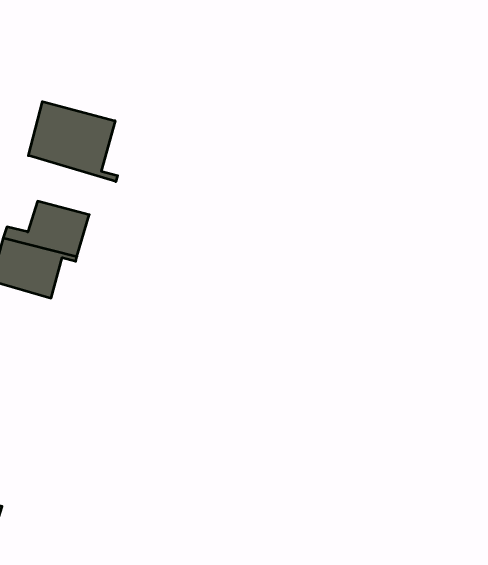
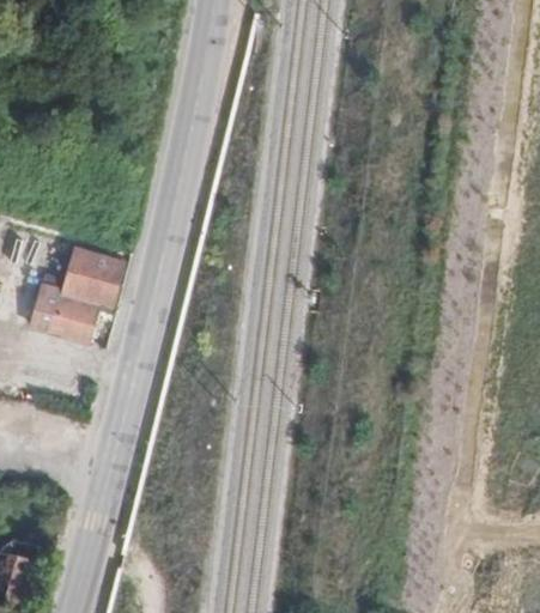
building: [28,102,118,182] -> none

